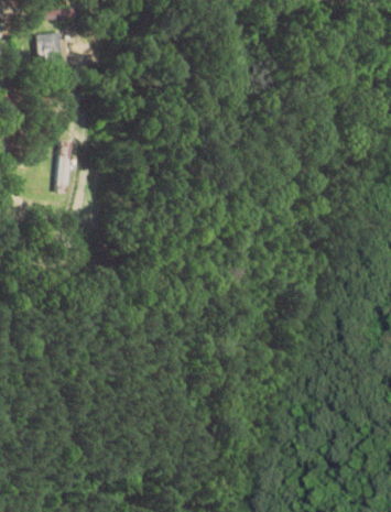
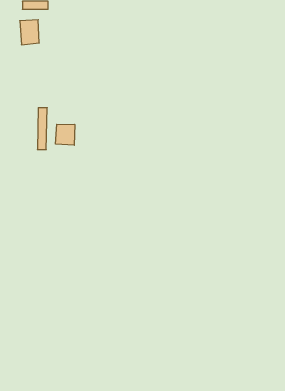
building: none -> [56,124,75,145]

